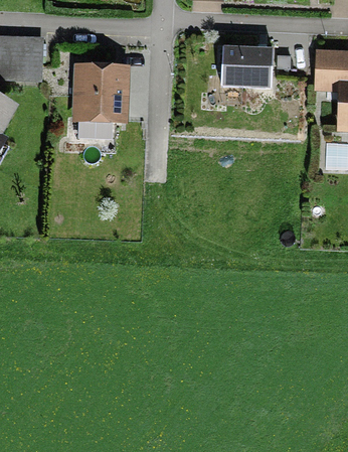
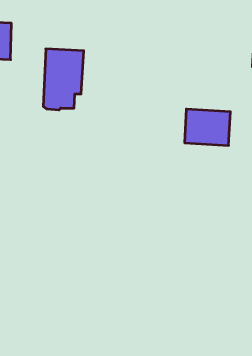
building: [220,45,273,87] -> [185,109,230,145]

